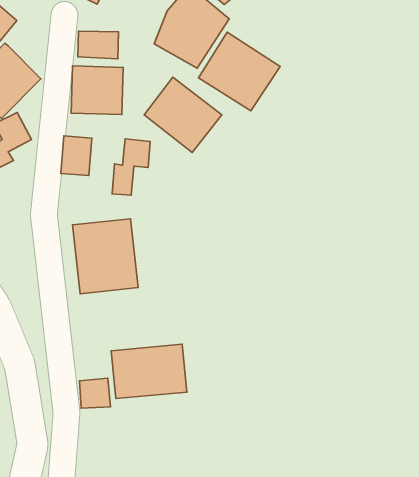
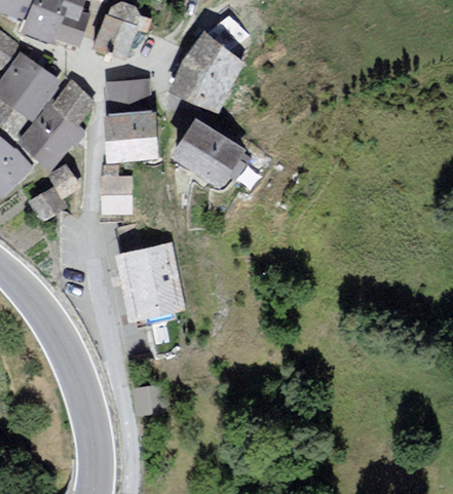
building: none -> [51,79,96,122]
building: [198,32,280,111] -> none
building: [112,139,150,195] -> none
building: [111,344,187,398] -> none

